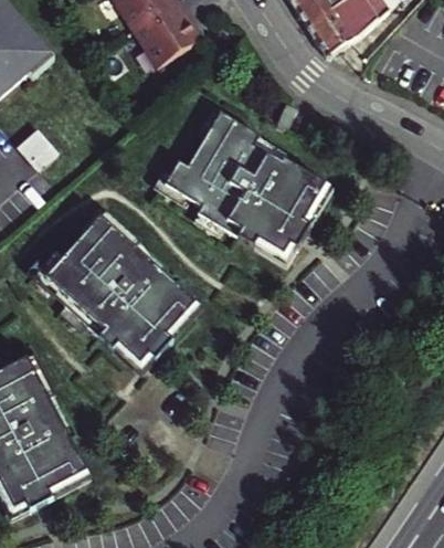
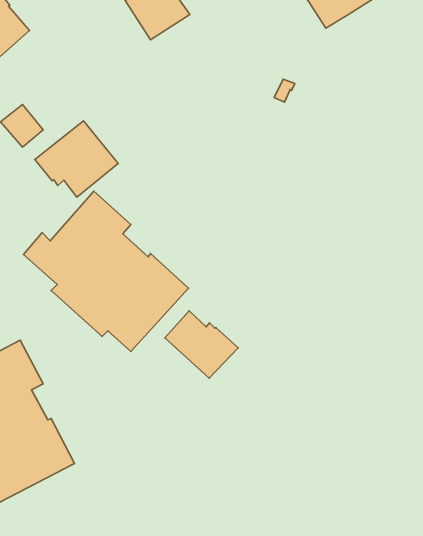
building: [165,112,326,254] -> none
building: none -> [35,121,118,197]
building: none -> [165,311,238,378]

